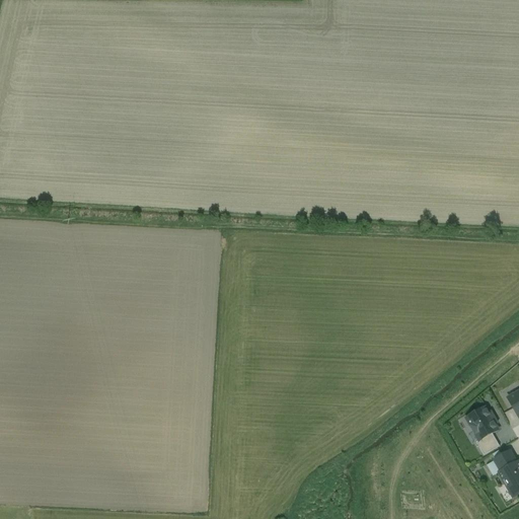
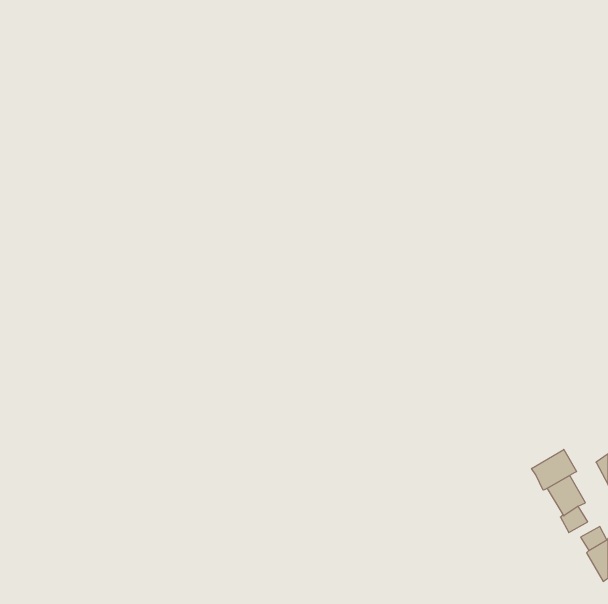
building: none -> [532,449,577,490]

